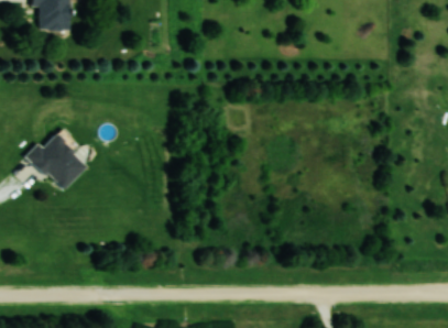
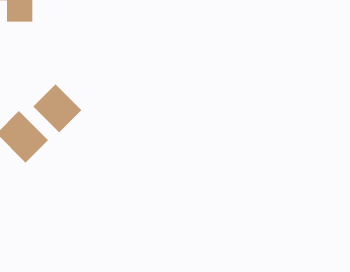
building: none -> [32,83,82,133]

